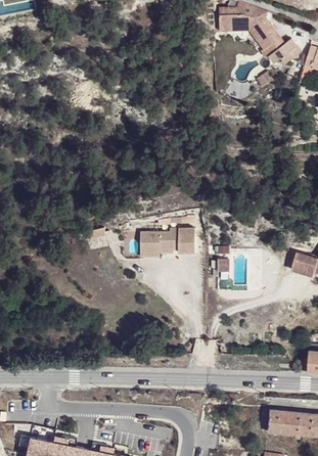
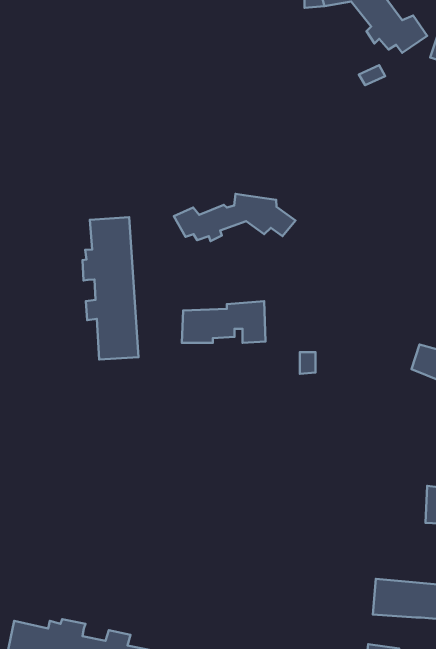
building: none -> [174,194,296,241]
building: none -> [82,217,138,360]

